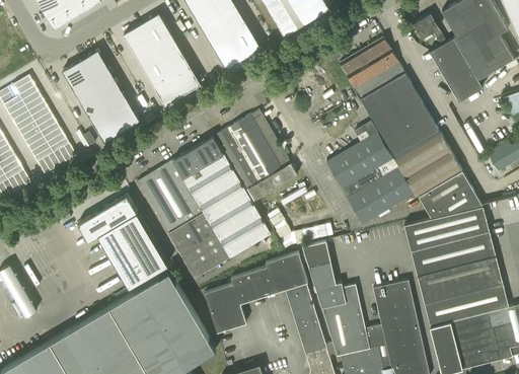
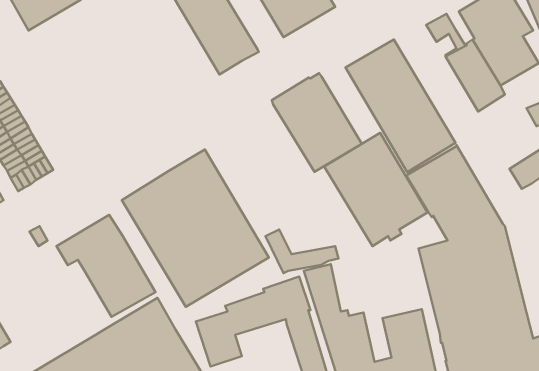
building: [124,15,201,106] -> none
building: [63,52,140,143] -> none
building: [217,111,298,201] -> [272,73,362,172]

